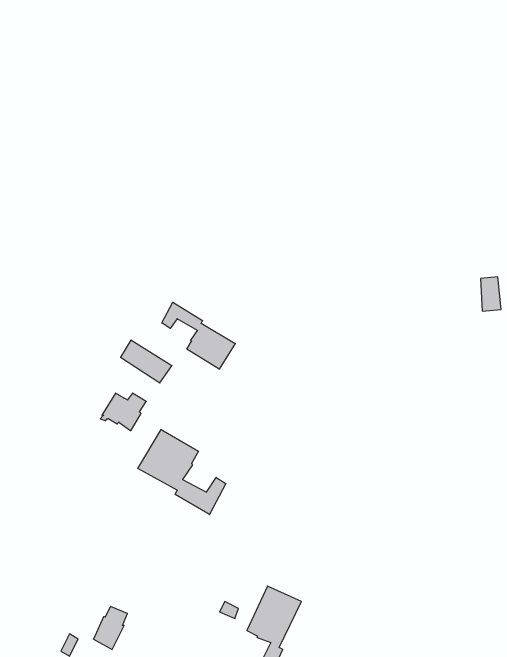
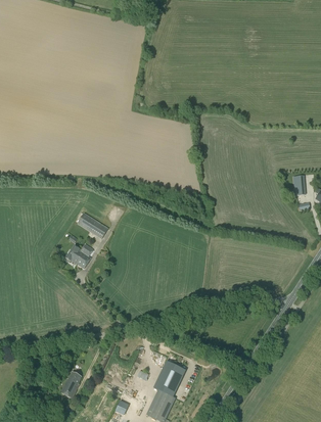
building: [162,302,235,369] -> none
building: [138,430,226,515] -> none

